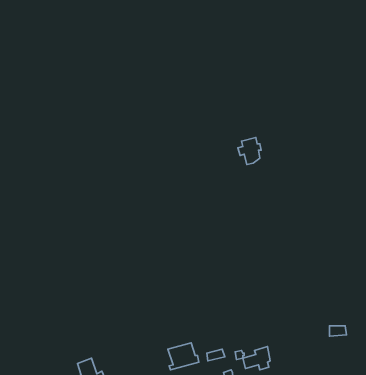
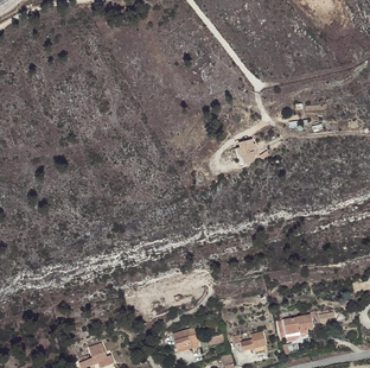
building: none -> [276,312,312,335]

